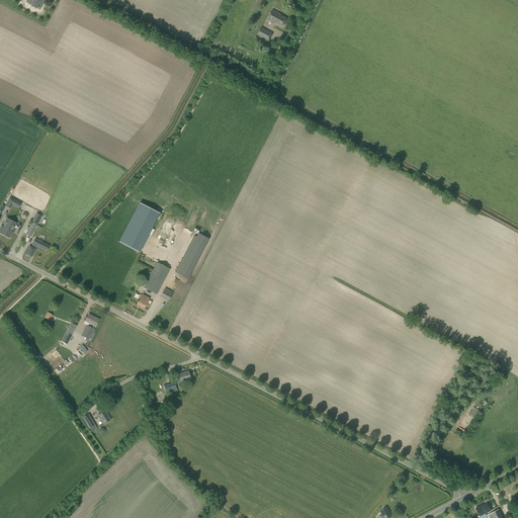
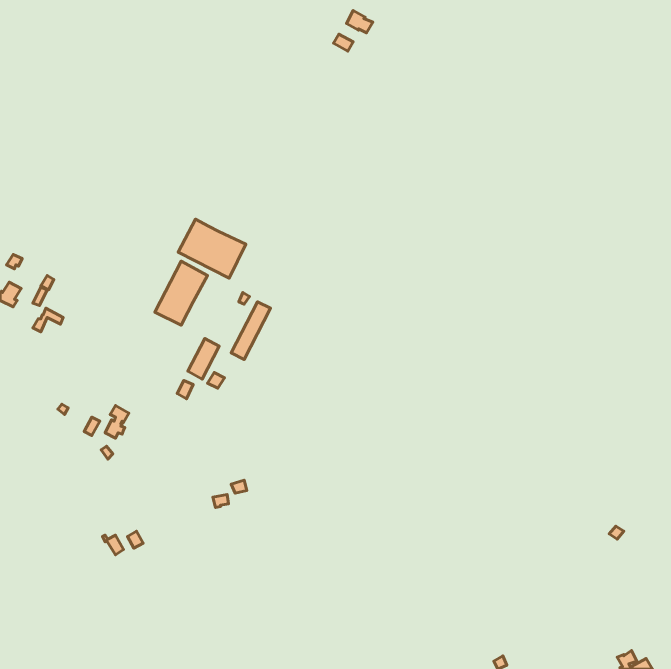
building: none -> [178,219,246,278]

